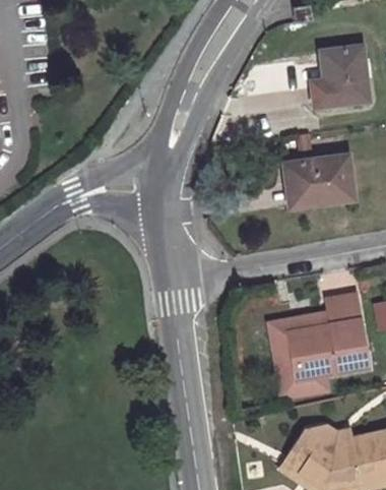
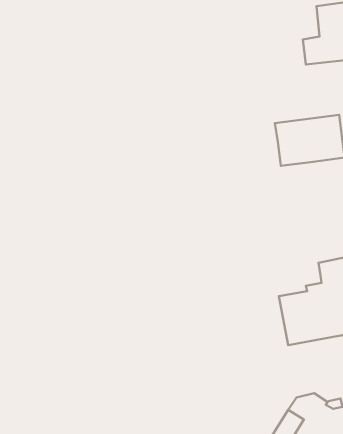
building: [269,310,343,396] -> none

